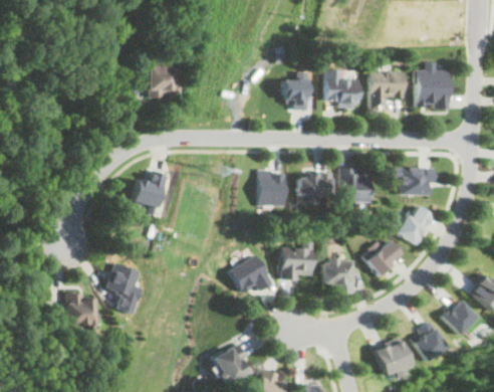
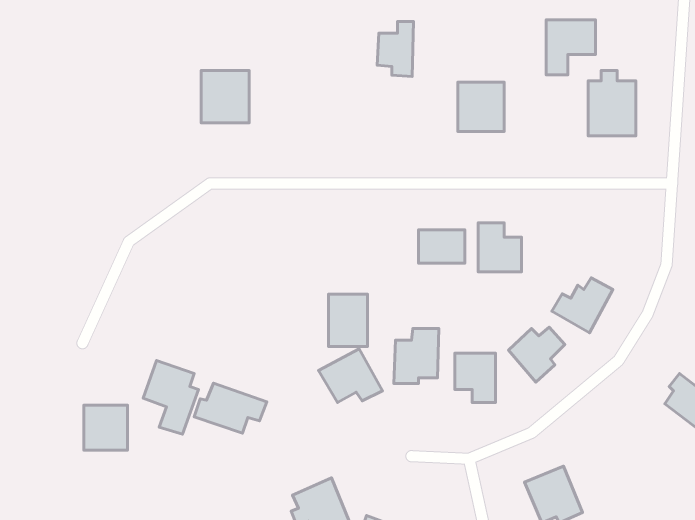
building: [284,72,309,111] -> [377,22,414,77]
building: [371,72,405,111] -> [546,20,595,75]
building: [394,167,436,195] -> none
building: [260,170,287,206] -> [329,294,368,347]
building: [133,171,169,209] -> none
building: none -> [194,383,267,433]
building: [442,299,478,335] -> none
building: [411,321,448,362] -> none

